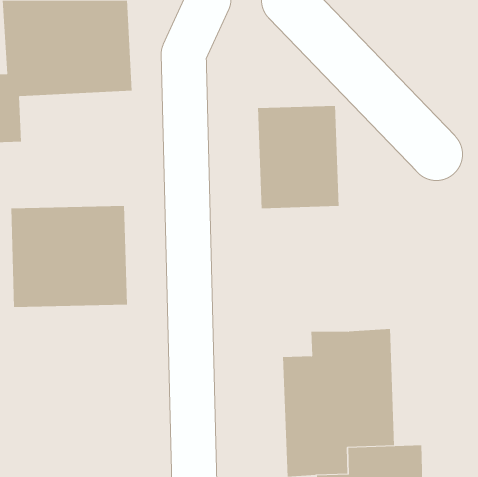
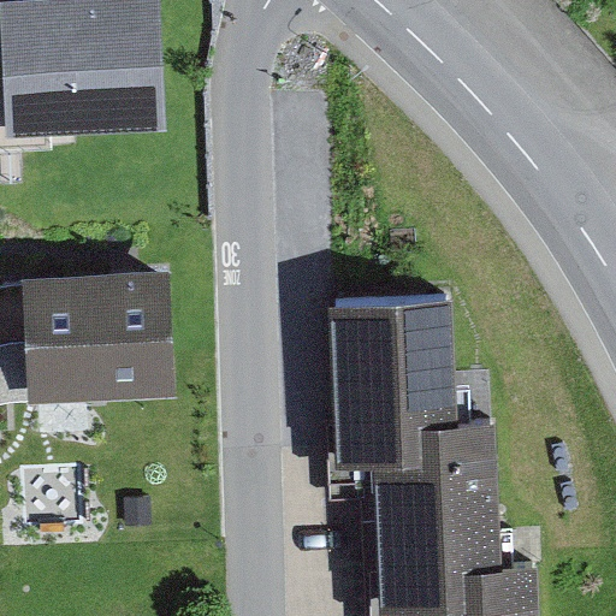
building: [258,105,339,209] -> none
building: none -> [308,308,443,464]

